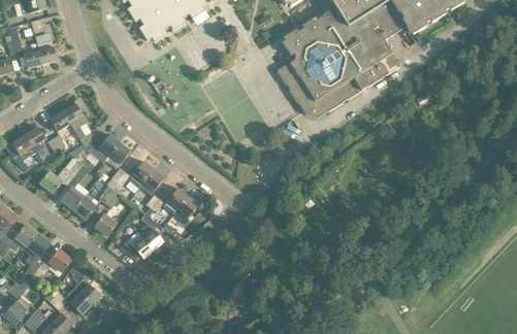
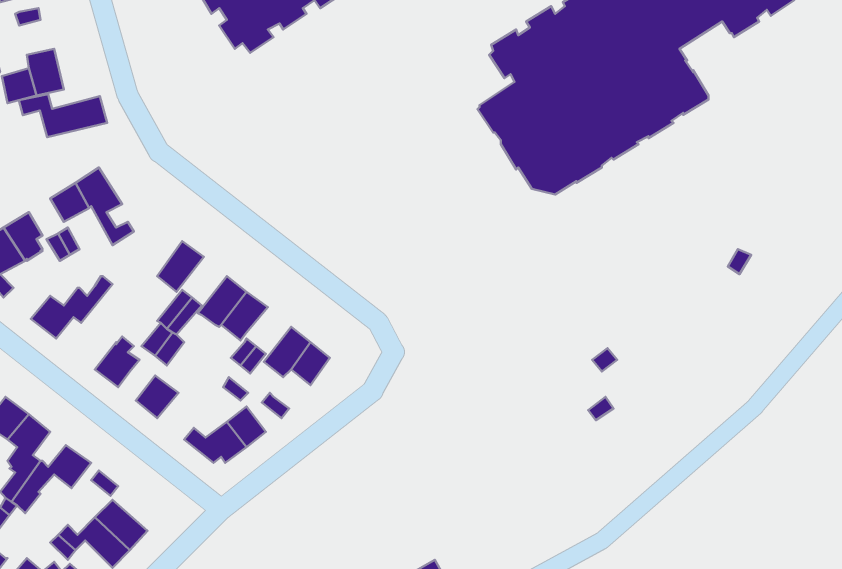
building: none -> [19,94,107,137]
building: [82,133,119,162] -> none
building: [61,164,88,209] -> none

